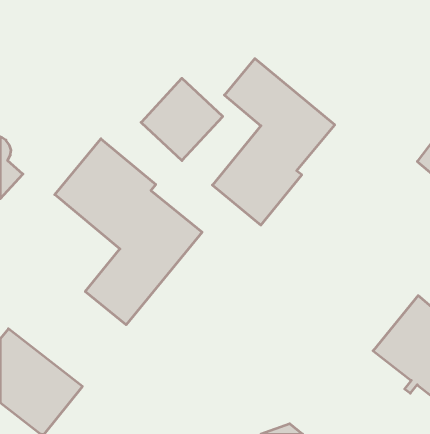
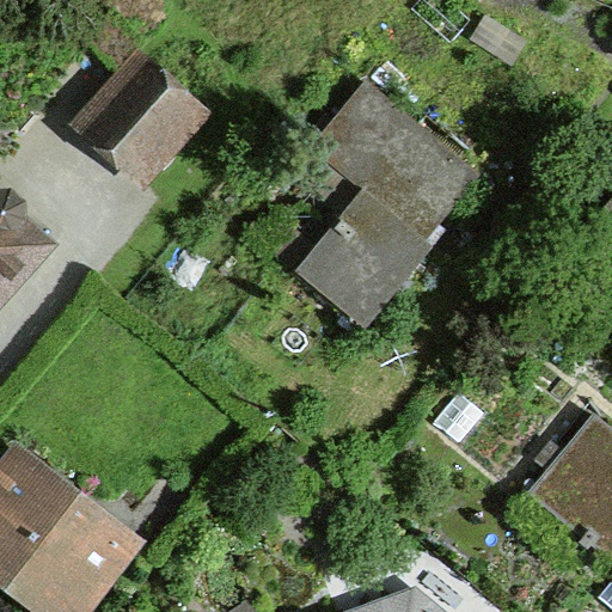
building: [141,78,223,161] -> [84,61,198,177]
building: [55,139,202,325] -> none

